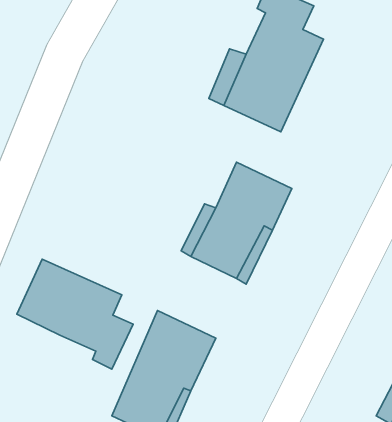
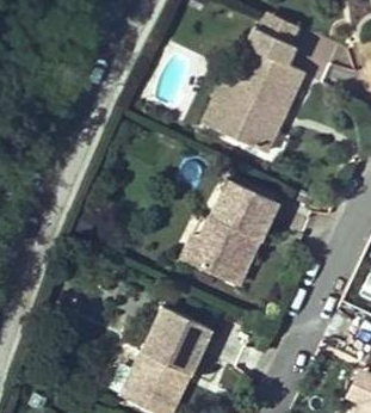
building: [17,259,133,369] -> none

